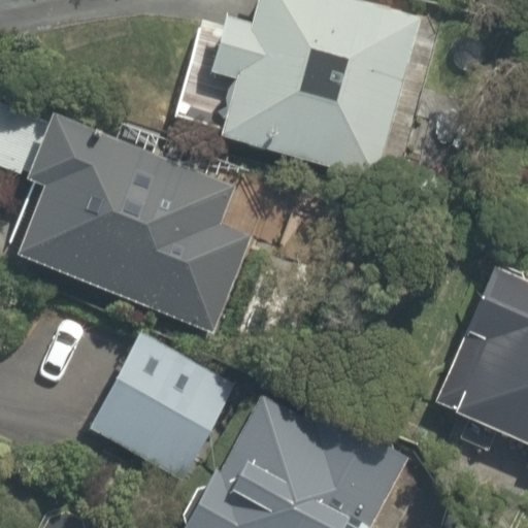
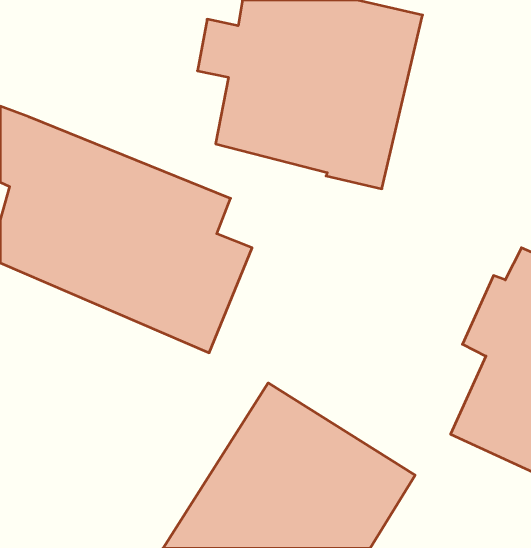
building: [87,326,241,481] -> none

